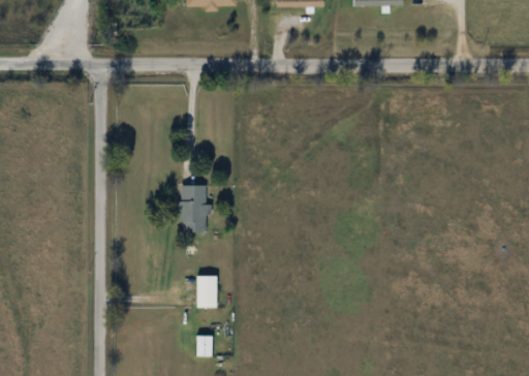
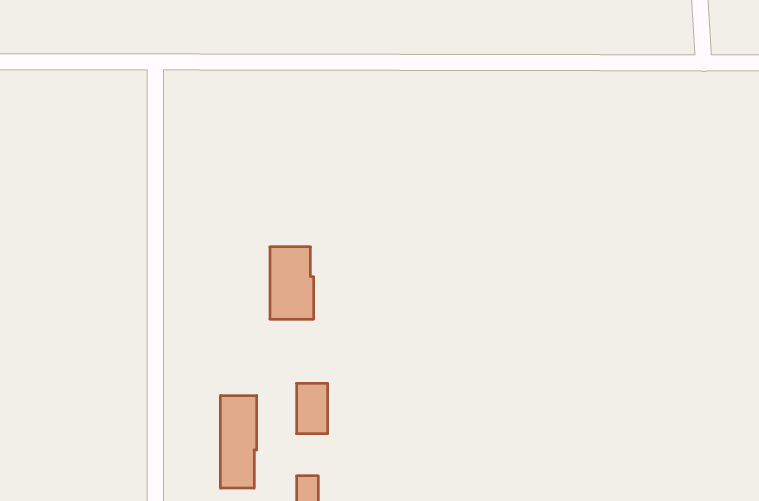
building: none -> [221,395,257,488]

